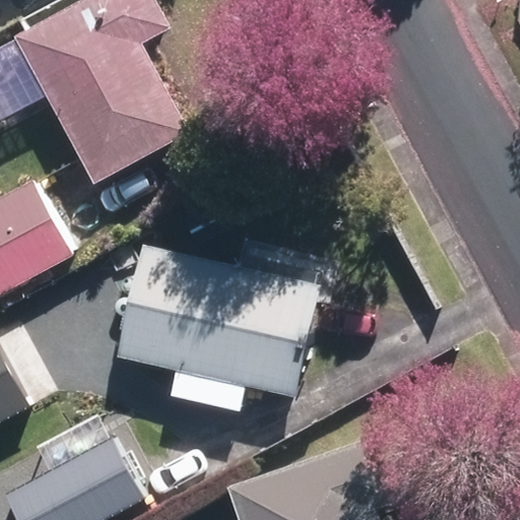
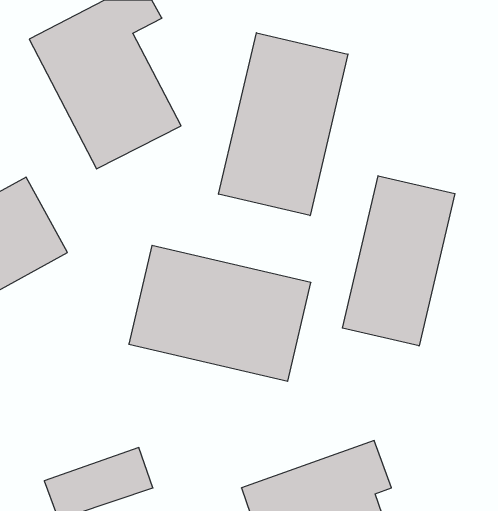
building: none -> [219,33,348,216]
building: none -> [342,176,455,346]

